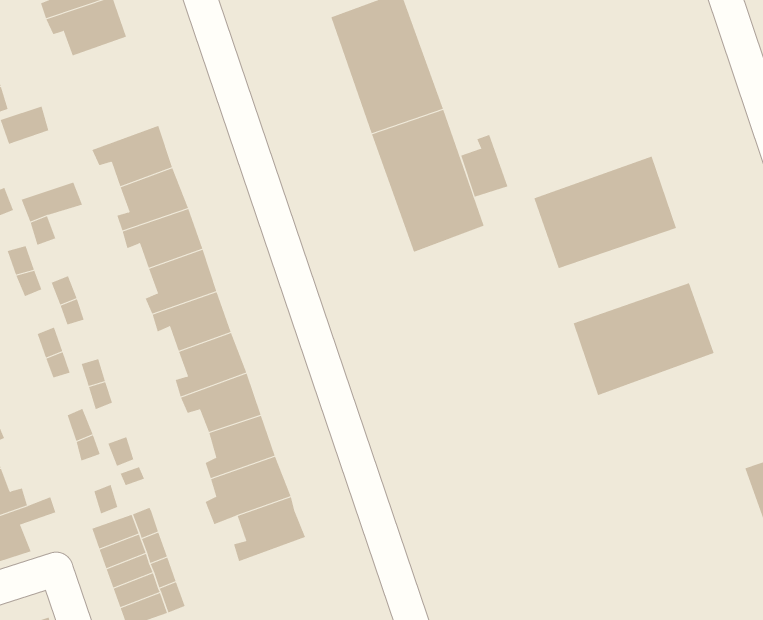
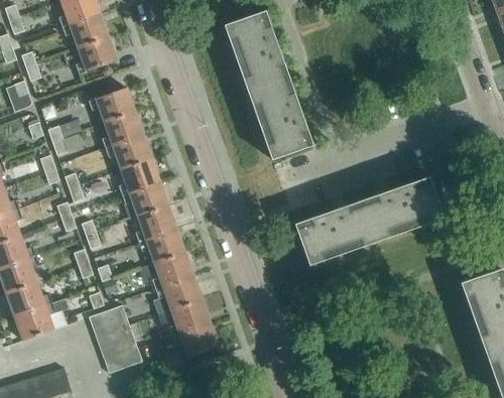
building: none -> [75,37,116,75]
building: [460,134,508,198] -> none
building: [534,156,677,269] -> [294,201,376,265]
building: none -> [171,322,218,358]

